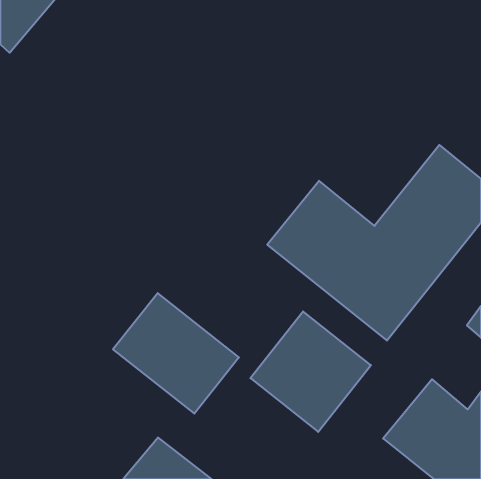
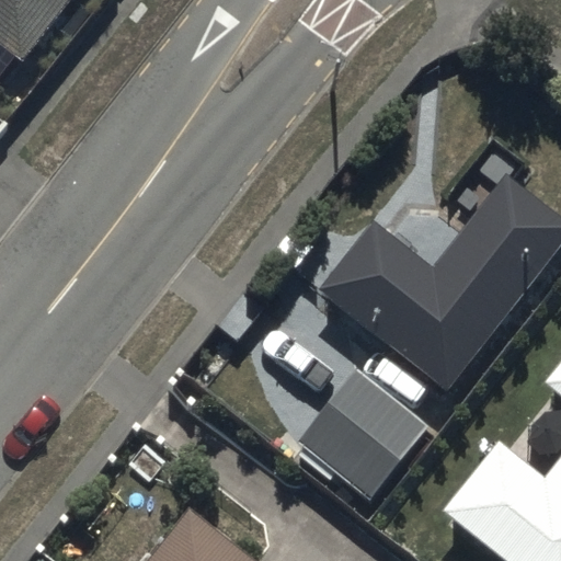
building: [113,293,239,414] -> none

